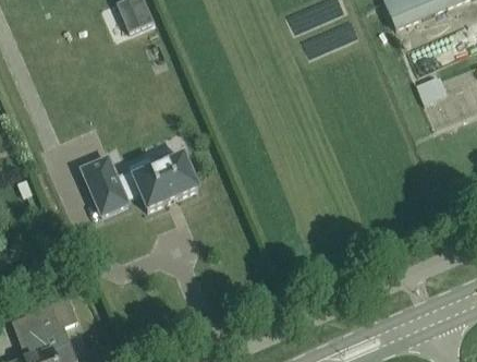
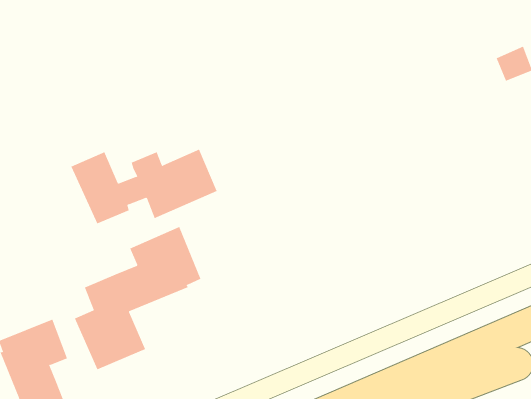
building: none -> [74,226,201,370]

